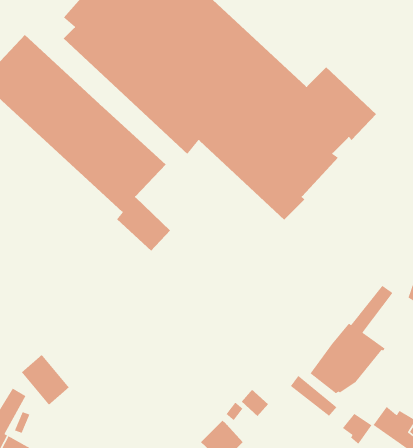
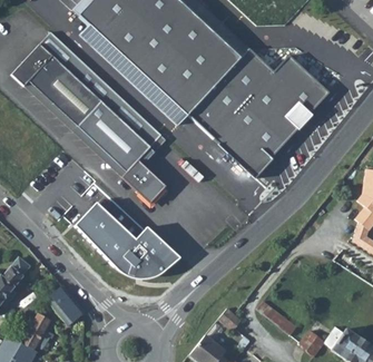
building: none -> [73,200,178,277]
building: [309,285,393,394] -> none

